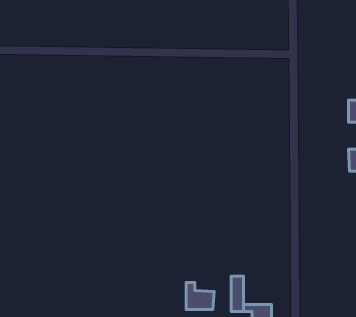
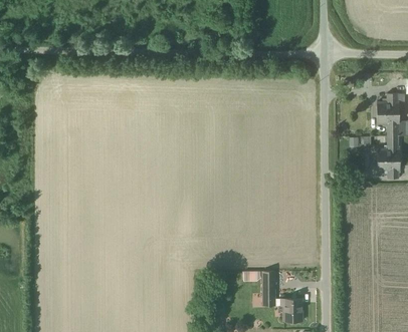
building: [186,282,214,310] -> none

